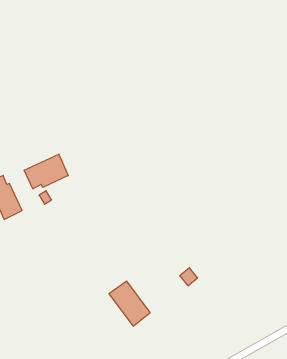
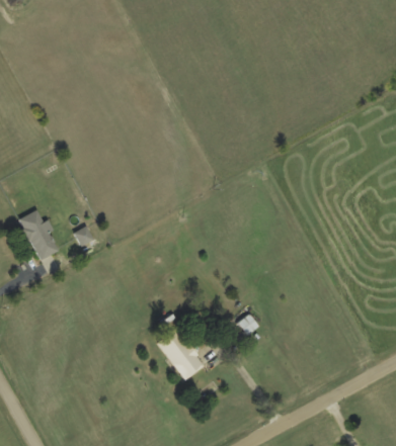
building: [24,154,68,189] -> none

